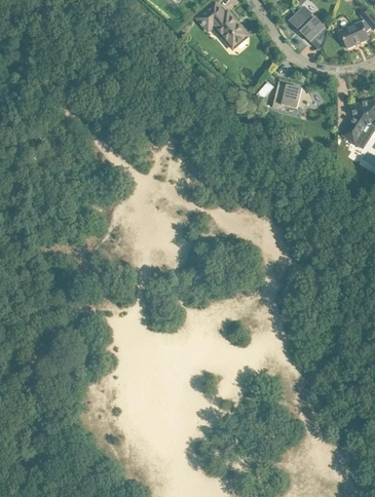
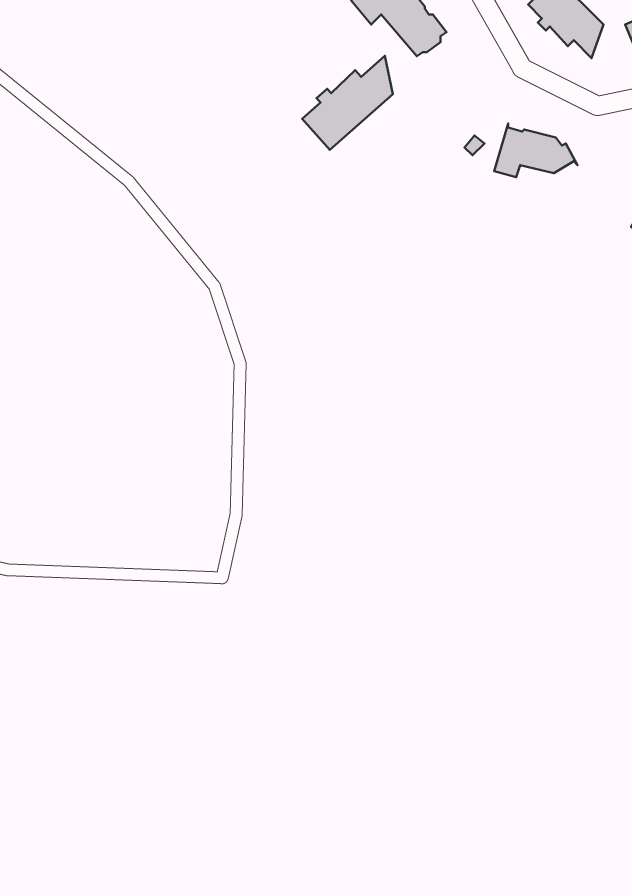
building: none -> [302,56,393,150]

